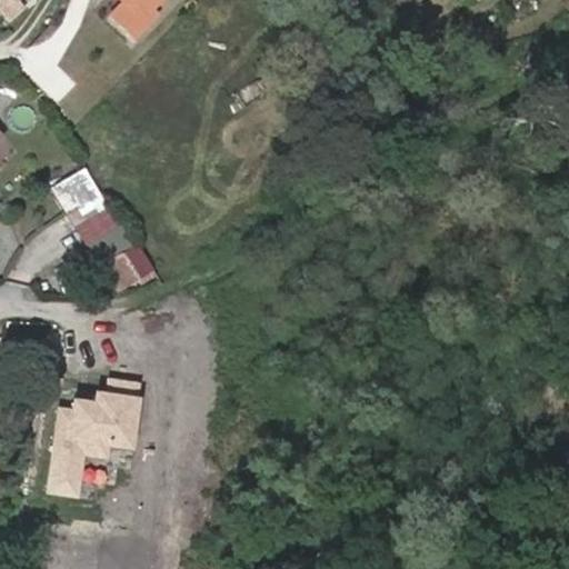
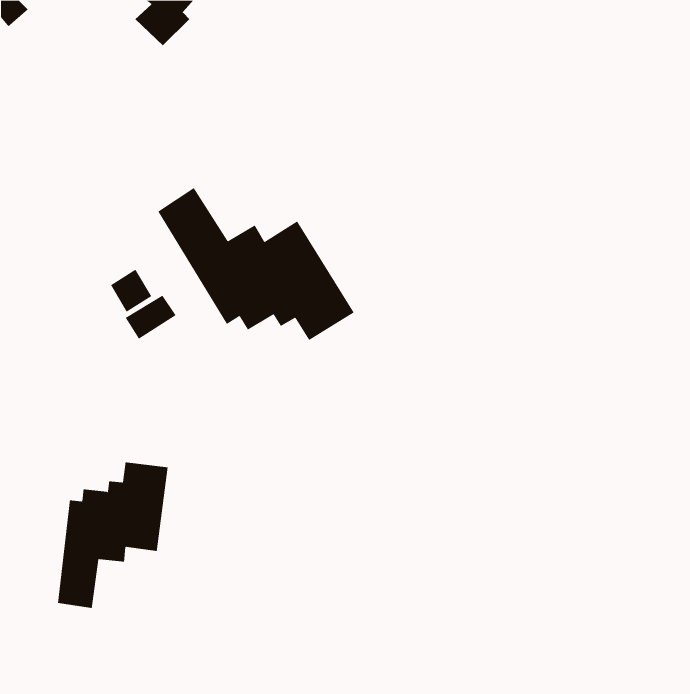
building: none -> [157,187,355,341]
building: [52,166,106,221] -> none

